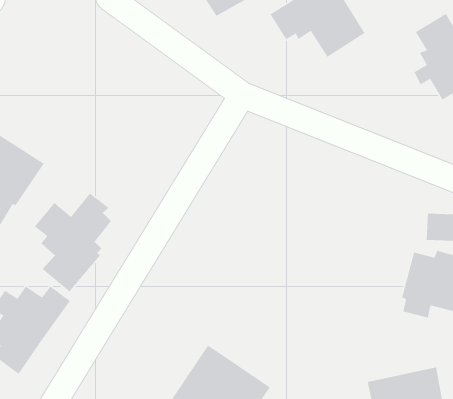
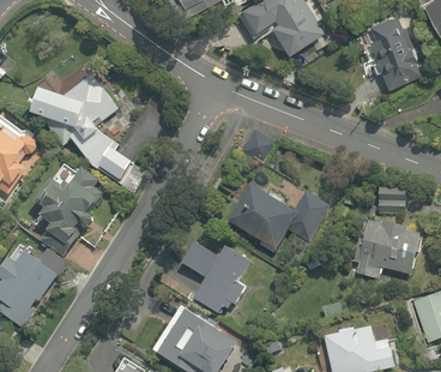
building: none -> [30,73,129,176]
building: none -> [228,184,327,263]
building: none -> [180,239,249,313]

